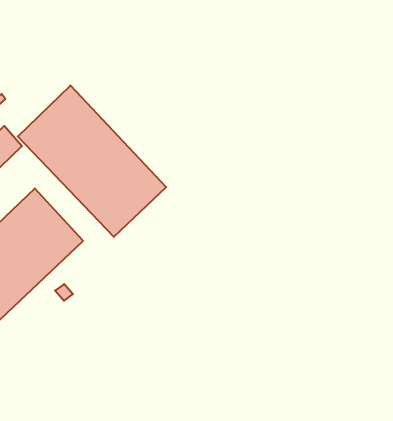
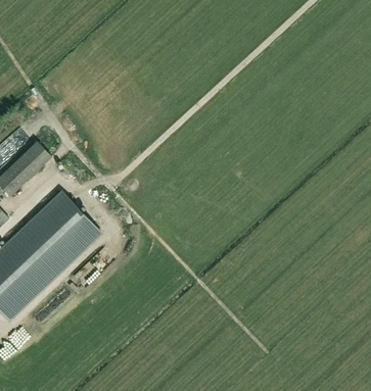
building: [18,85,166,237] -> none

